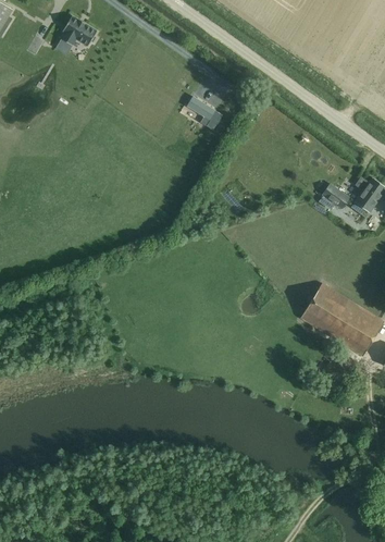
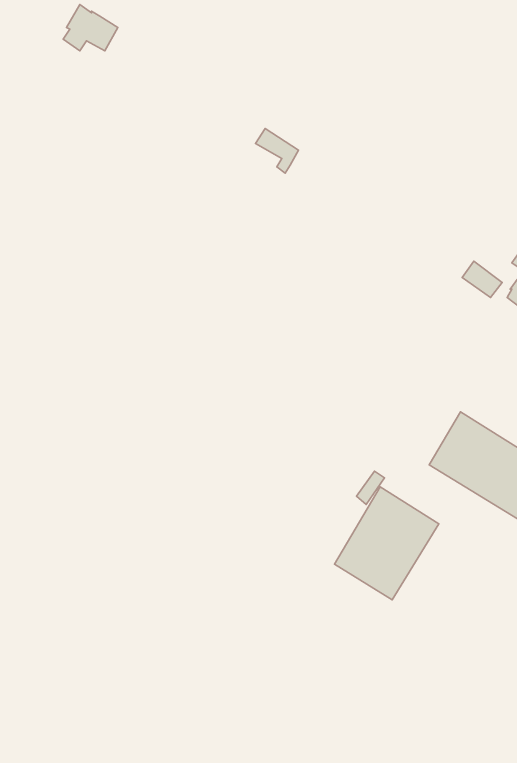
building: none -> [334,487,439,600]

